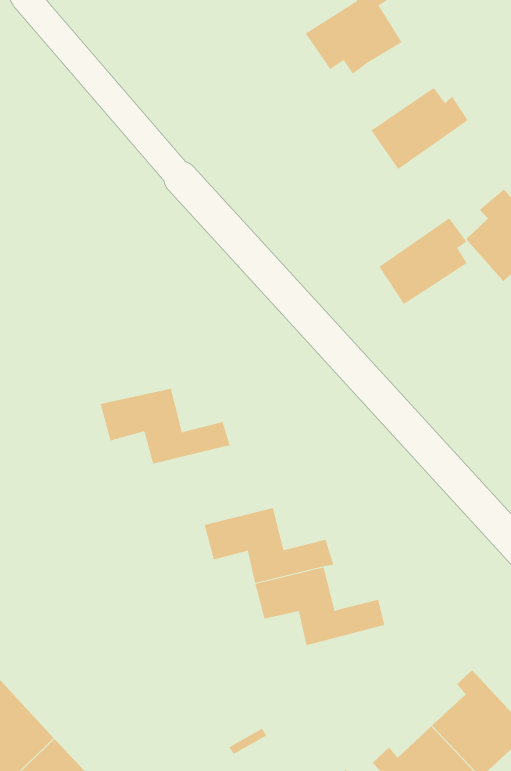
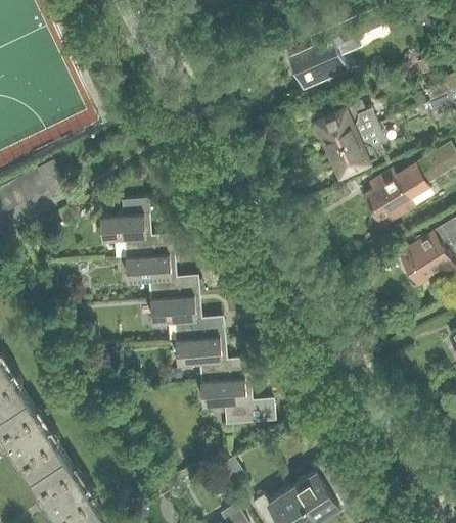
building: [378,217,467,305] -> [329,125,385,173]
building: none -> [100,198,174,257]
building: none -> [150,296,224,341]

